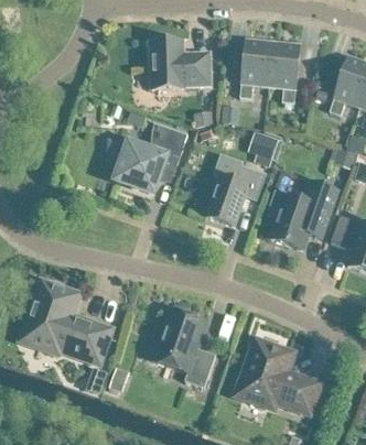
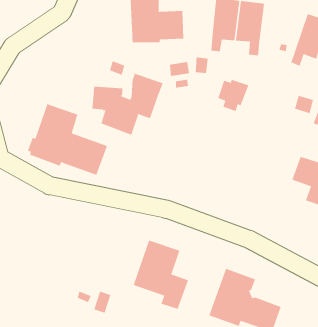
building: [206,154,266,226] -> none
building: [268,185,337,250] -> none
building: [20,282,110,362] -> [27,104,108,175]

